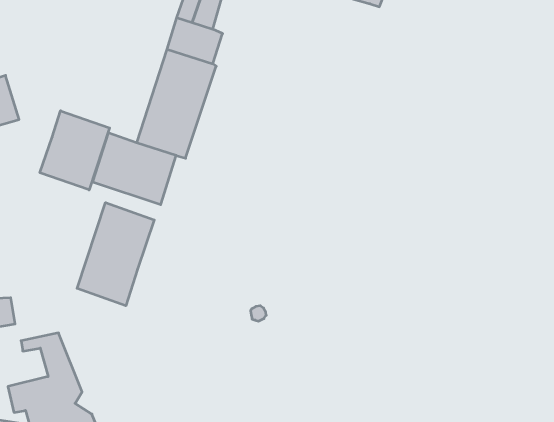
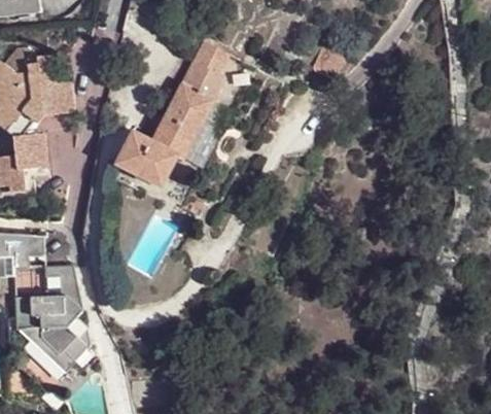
building: [40,111,110,190] -> none
building: [77,203,154,306] -> none

